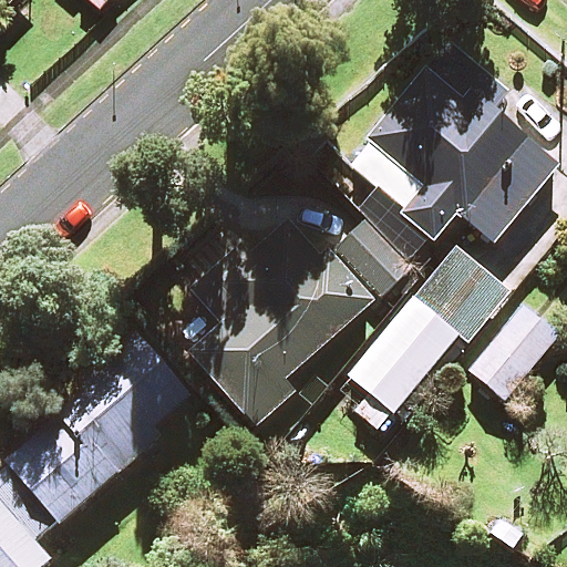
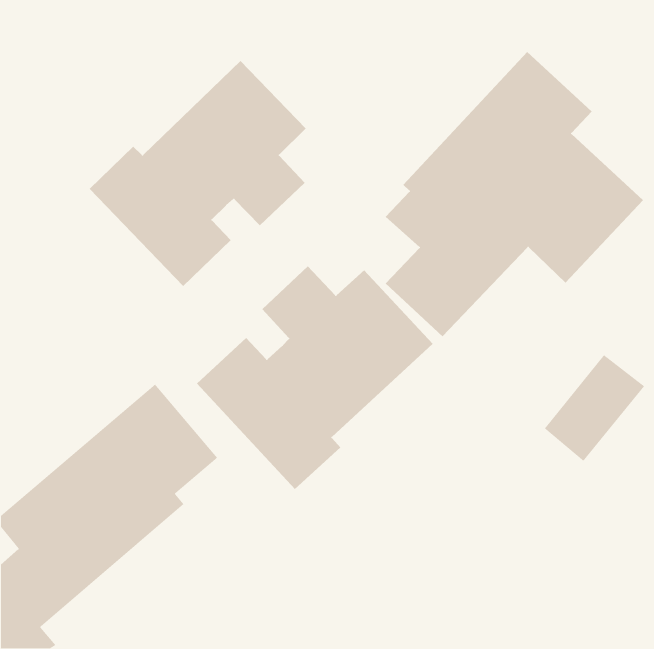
building: none -> [89,60,306,287]
building: [347,245,511,430] -> none

